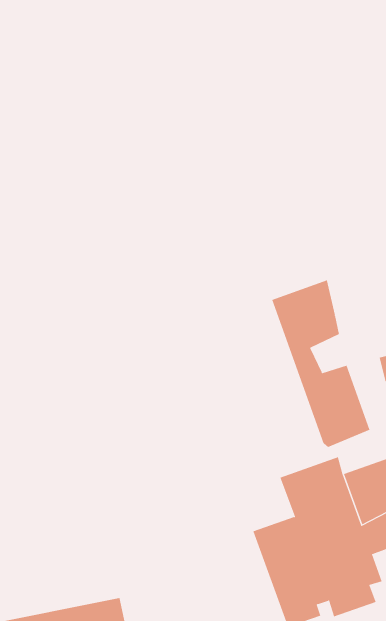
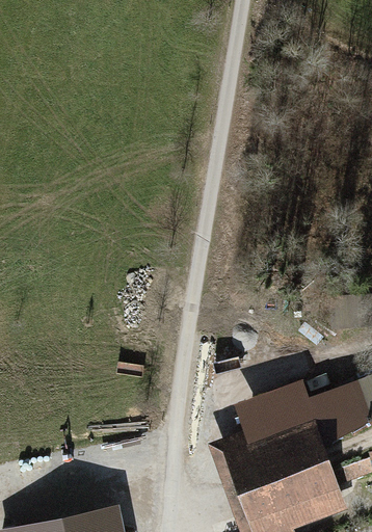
building: [271,280,370,448] -> none

